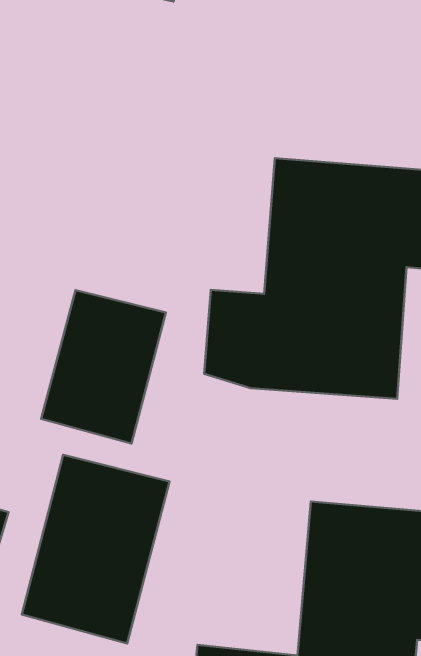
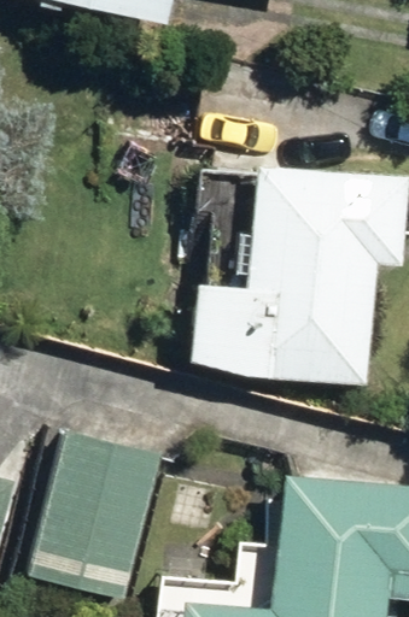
building: [41,290,166,443] -> none

